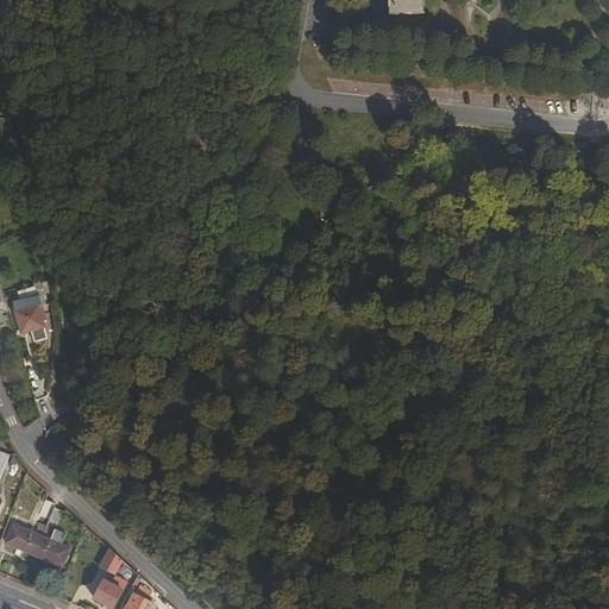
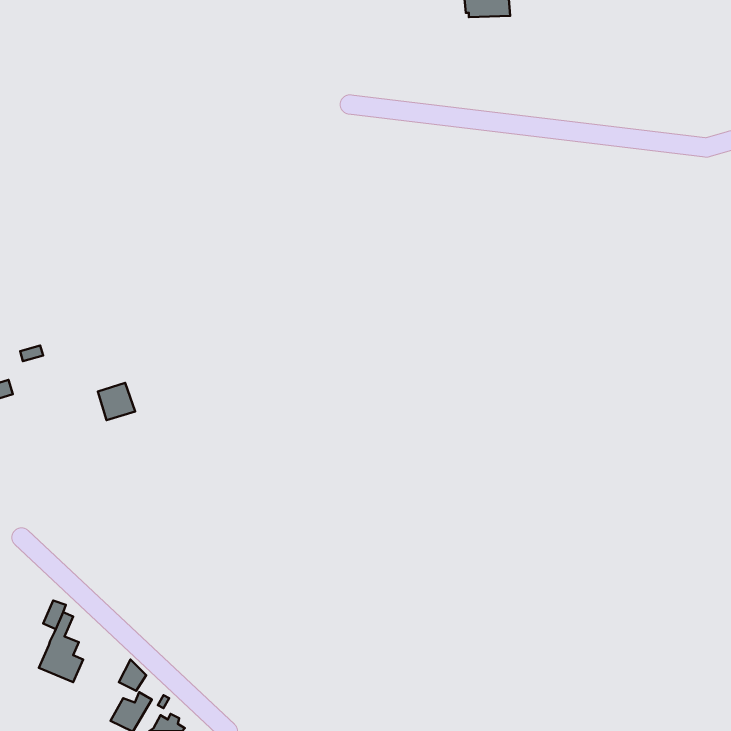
building: [15,309,46,340] -> [98,383,135,420]
building: [5,523,40,554] -> none

